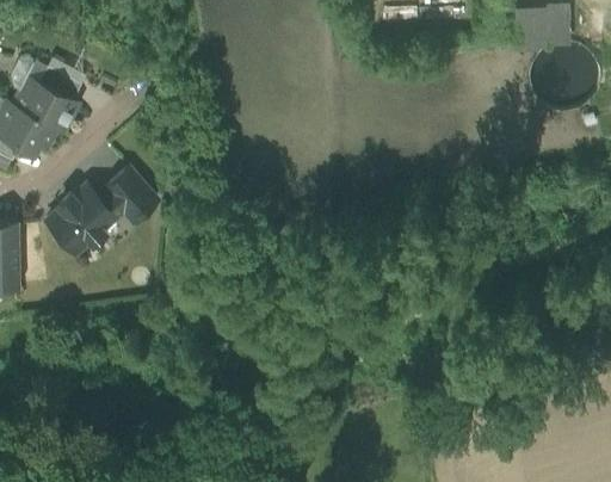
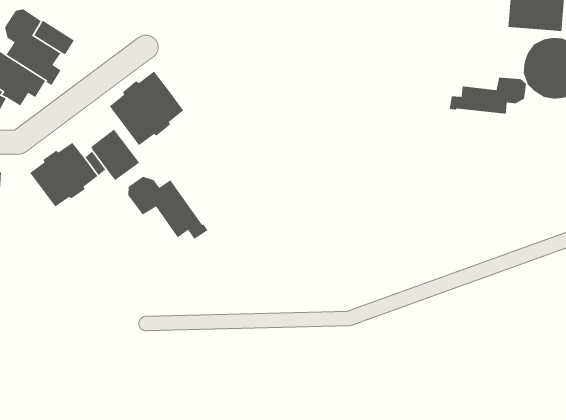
building: none -> [449,77,527,114]
building: none -> [109,71,184,146]
building: none -> [127,176,209,241]

